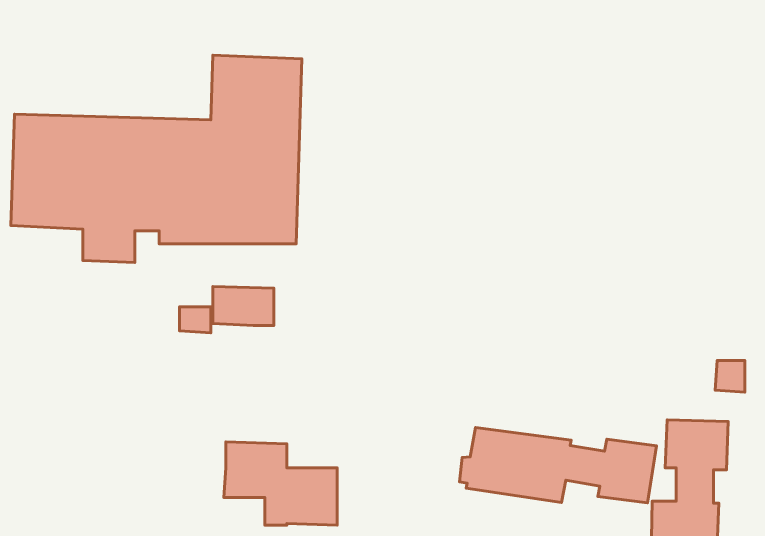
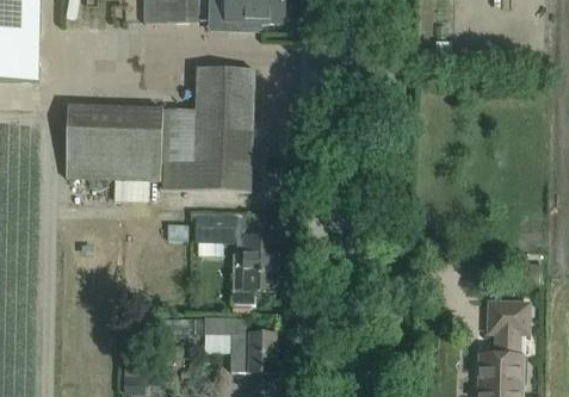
building: none -> [231,237,277,302]
building: [460,428,656,503] -> none

